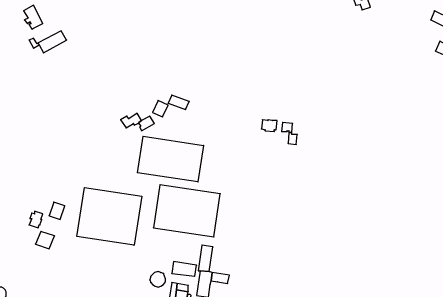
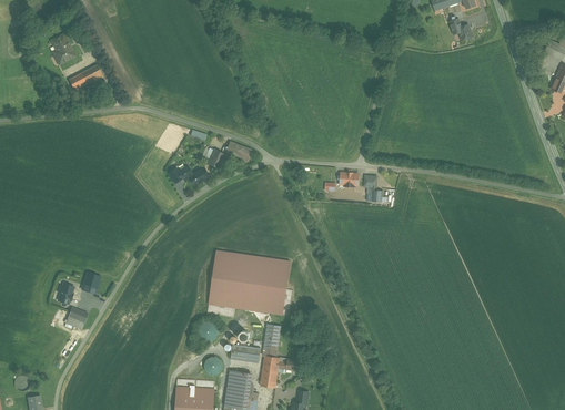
building: [137,136,204,182] -> none
building: [77,188,142,245] -> none

